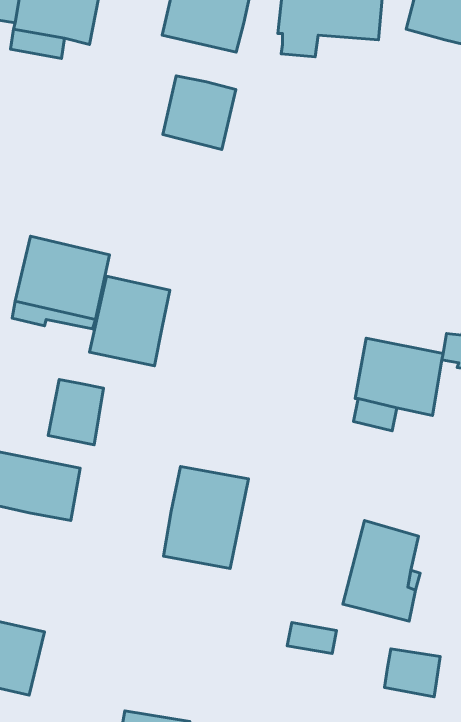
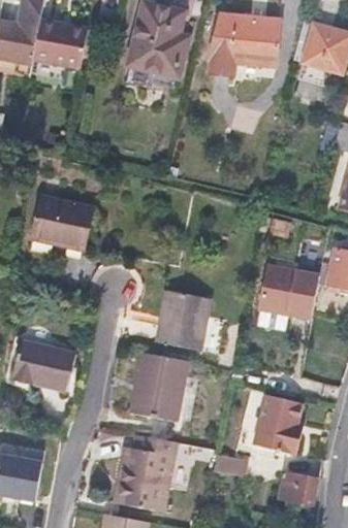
building: [163,76,236,150] -> none
building: [90,276,170,366] -> [155,289,209,349]
building: [48,379,104,445] -> none
building: none -> [115,434,178,510]

